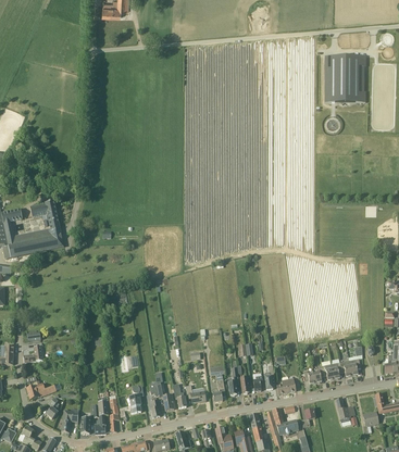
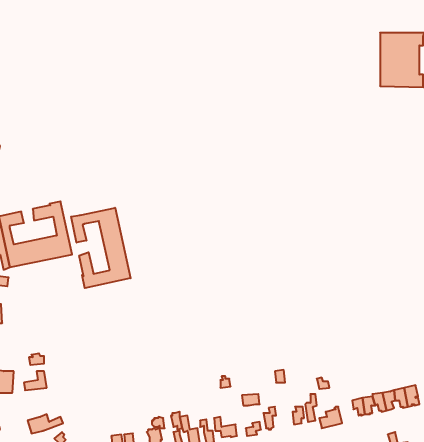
building: none -> [71,208,131,288]

